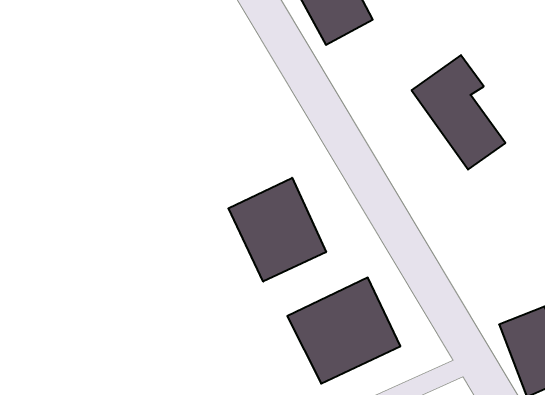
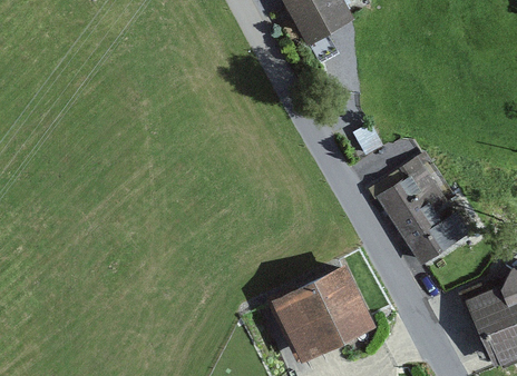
building: [412,55,505,170] -> [374,161,461,267]
building: [228,178,326,282] -> none

